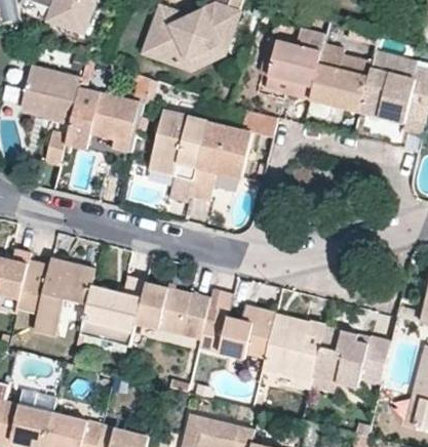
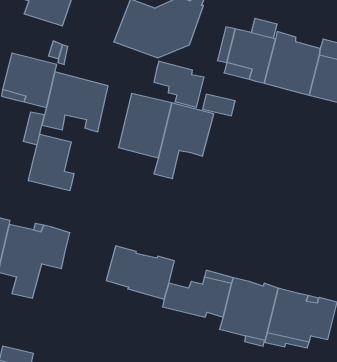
building: none -> [154,61,204,107]
building: none -> [29,134,74,191]
building: [79,277,145,343] -> none

